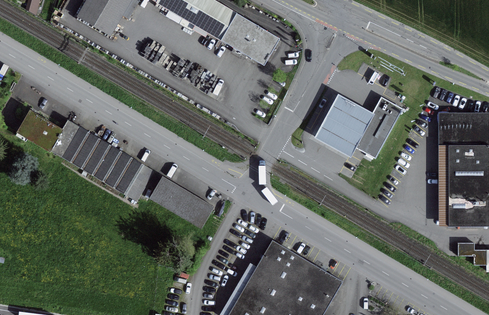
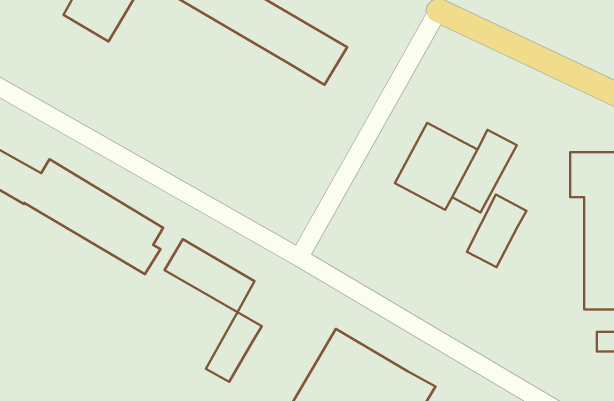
building: none -> [467,195,526,267]
building: none -> [206,312,262,382]

